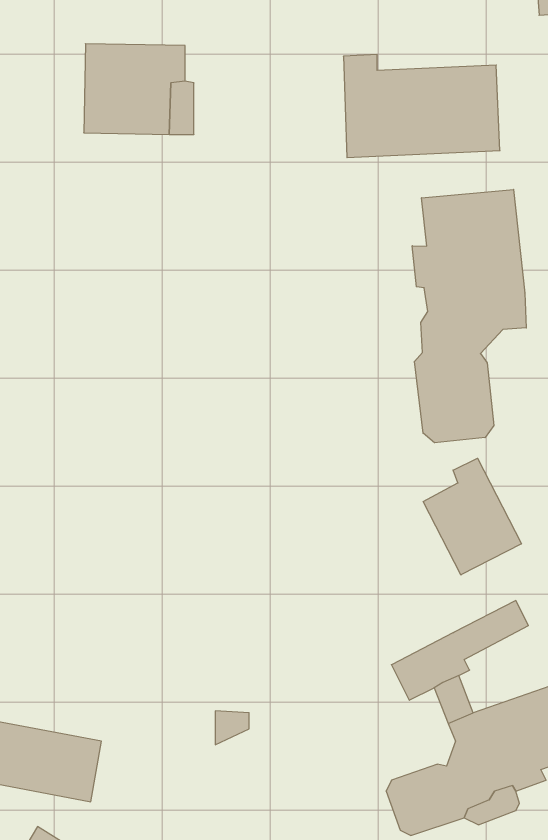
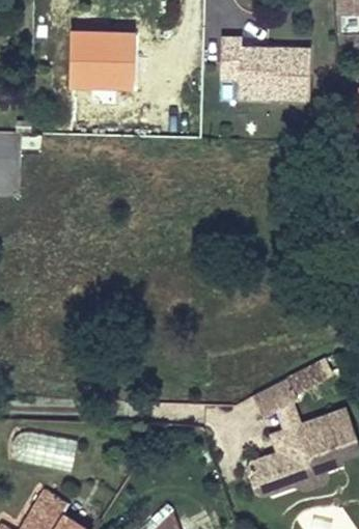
building: [412,189,526,443] -> none
building: [423,458,521,575] -> none

